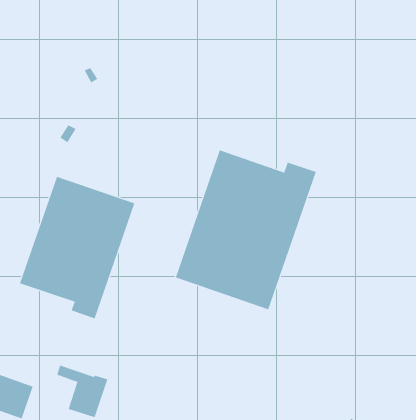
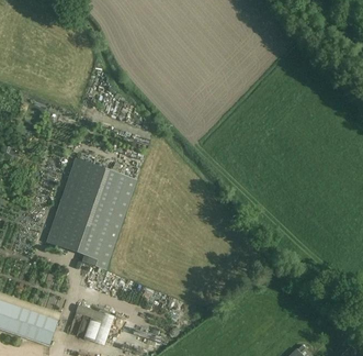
building: [175,149,317,310] -> none

